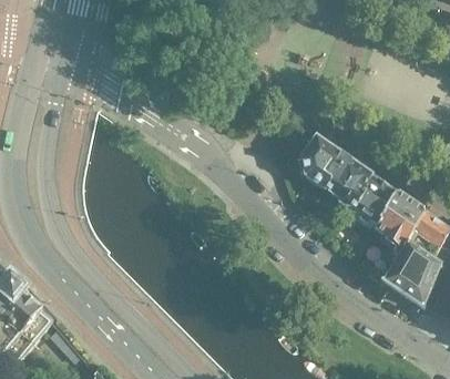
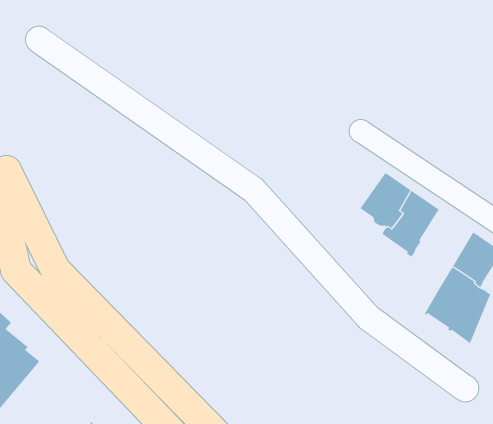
building: [300,134,348,188] -> none
building: [374,190,423,258] -> none

